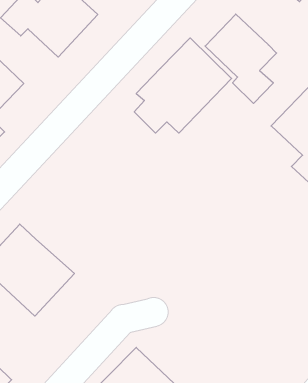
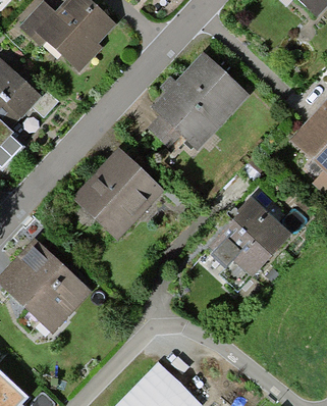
building: [205,14,277,103] -> none
building: none -> [72,147,164,239]
building: none -> [211,195,291,290]

